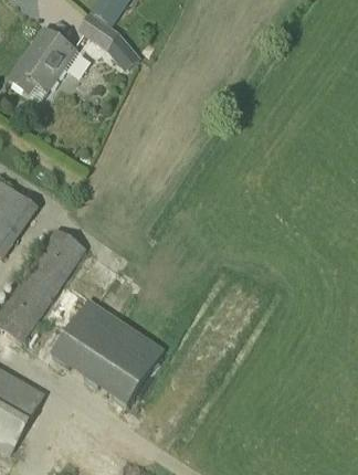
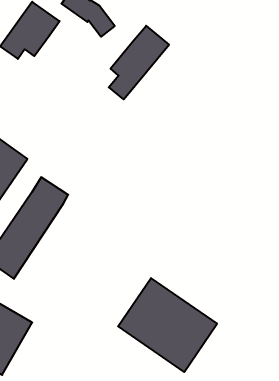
building: none -> [109,26,169,99]
building: [52,298,165,405] -> [118,278,217,372]

